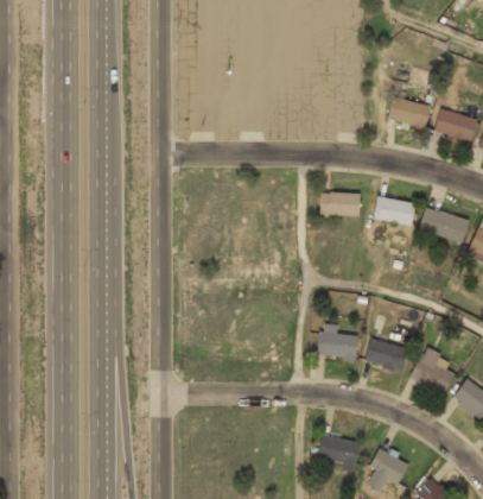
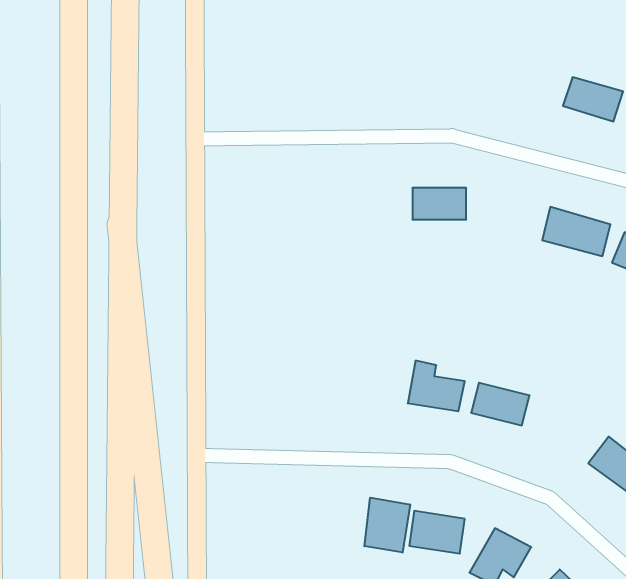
building: [388,97,431,128] -> none
building: [374,196,415,226] -> none
building: [411,347,455,393] -> none
building: none -> [364,498,410,553]

